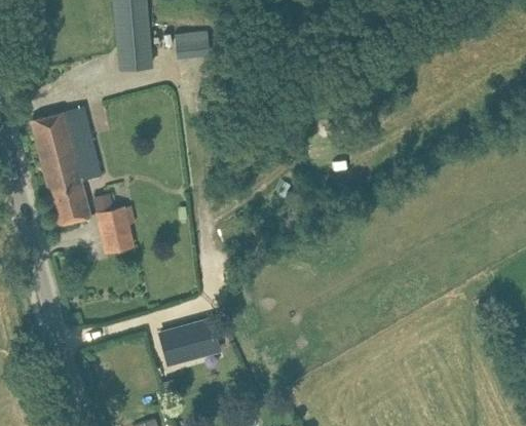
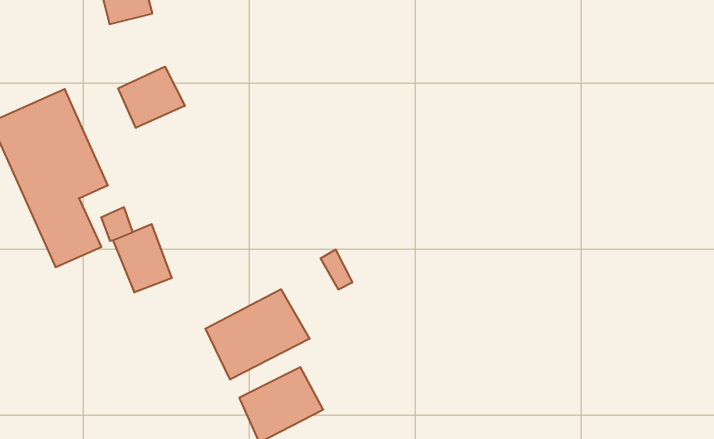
building: none -> [118,67,185,128]
building: none -> [205,289,310,380]

